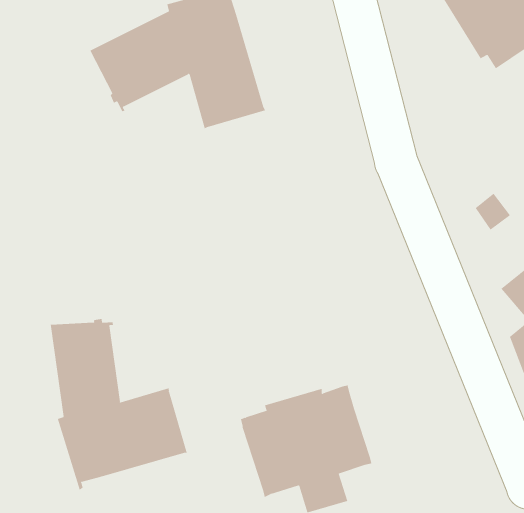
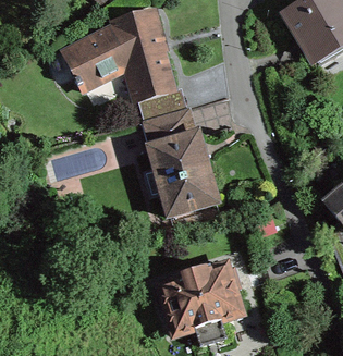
building: none -> [149,107,218,214]
building: [50,318,188,491] -> none

